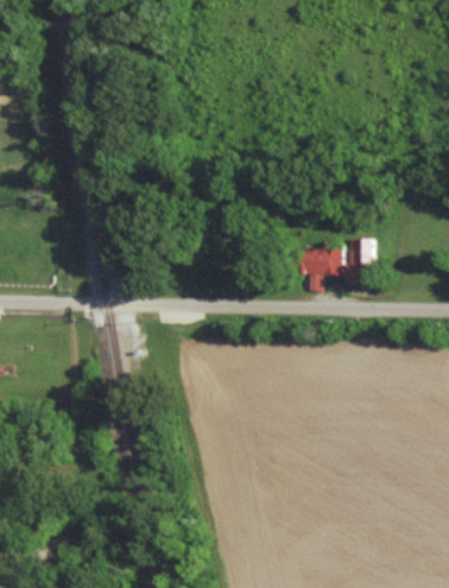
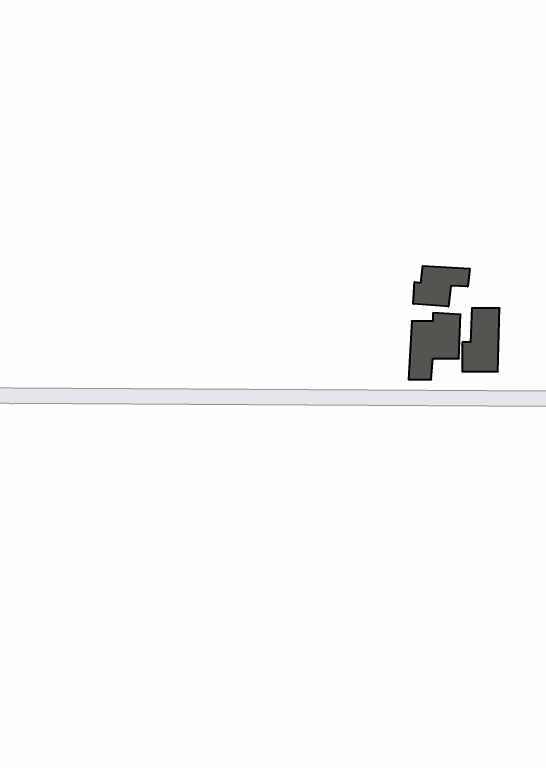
building: none -> [413,266,470,307]

